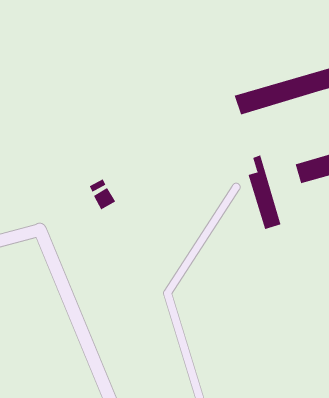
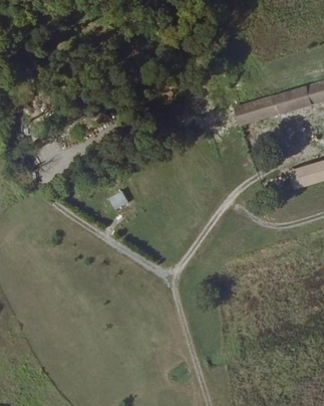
building: [248,155,281,230] -> none

